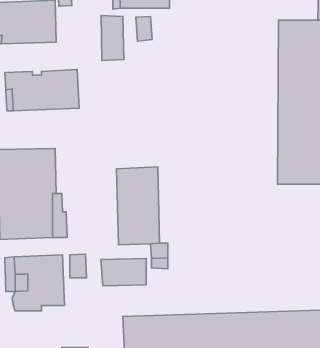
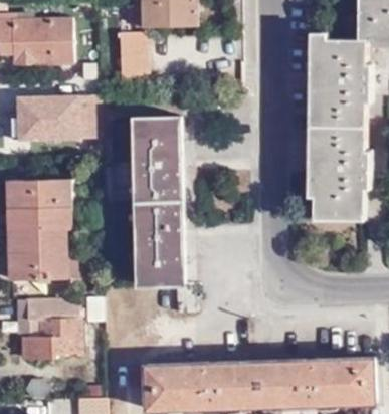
building: none -> [134,118,182,202]
building: [101,258,146,286] -> none

